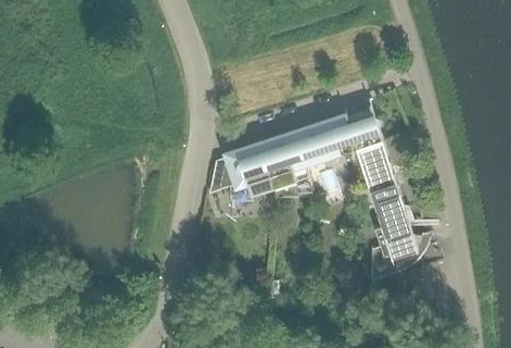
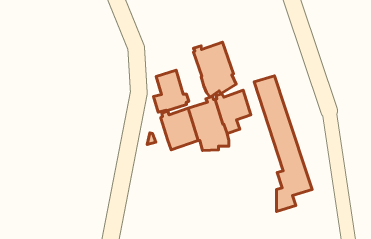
building: none -> [193,42,236,97]
building: none -> [154,70,189,112]

